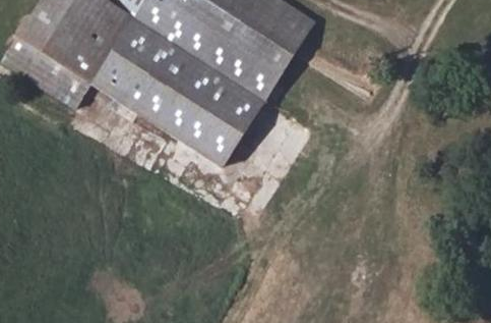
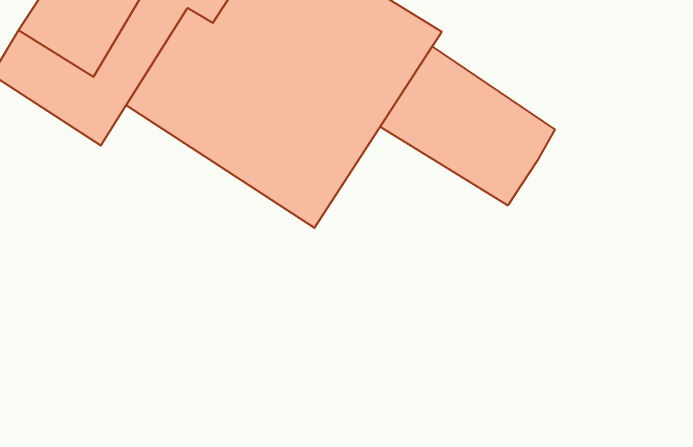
building: none -> [380,46,555,205]

